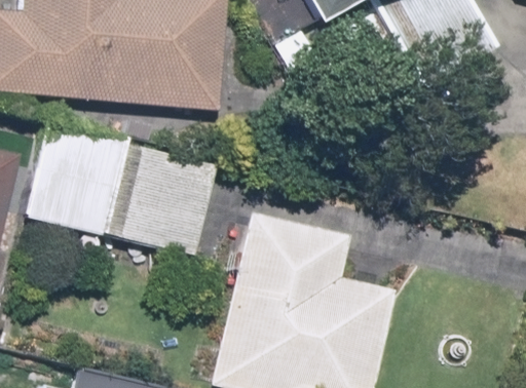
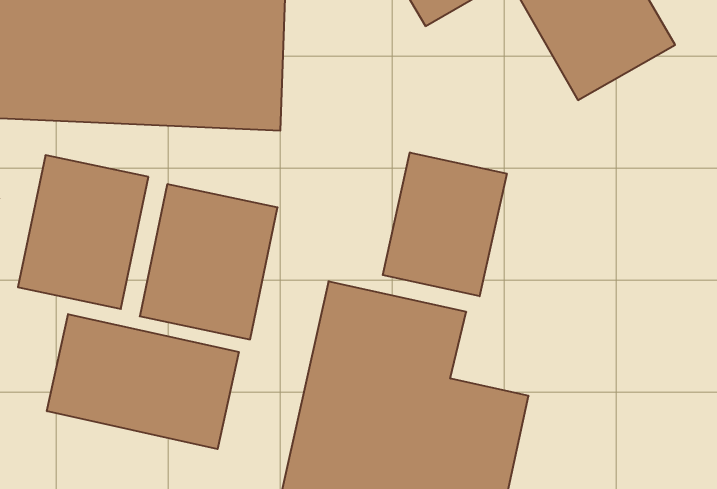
building: none -> [383,152,507,296]
building: none -> [47,314,239,449]

